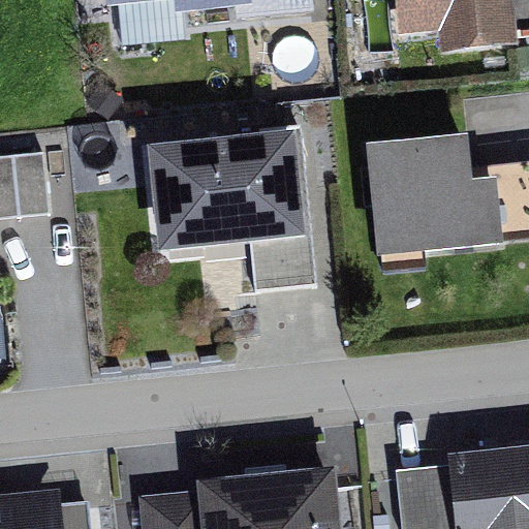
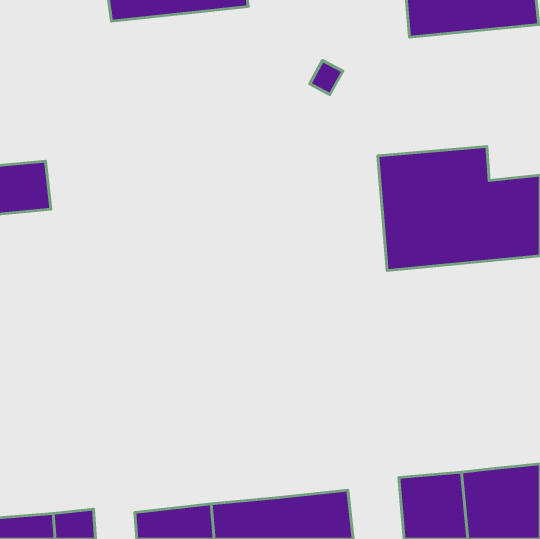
building: [150,137,314,289] -> none

